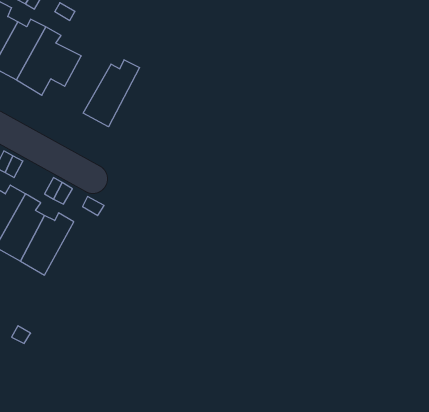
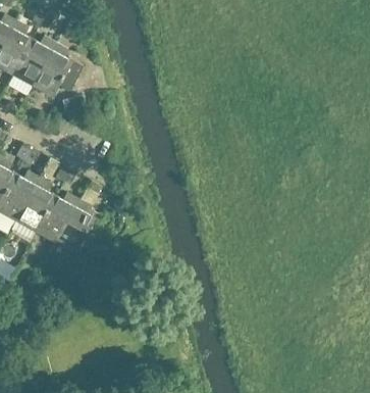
building: [83,60,140,127] -> none
building: none -> [55,200,96,254]

